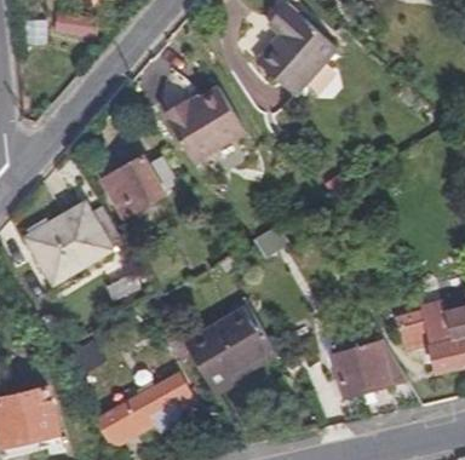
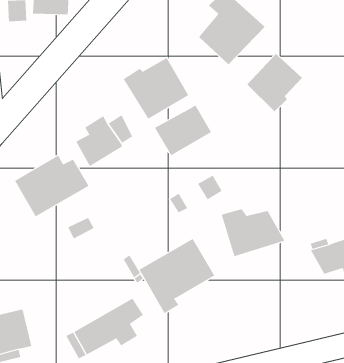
building: none -> [247,53,303,112]
building: none -> [154,104,212,156]
building: [328,339,406,397] -> [221,209,285,257]

